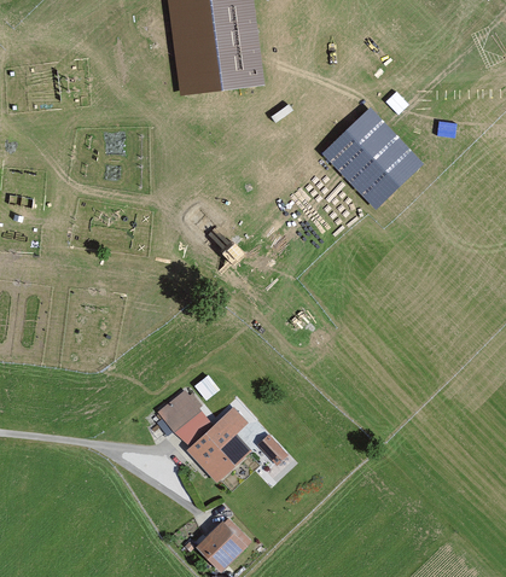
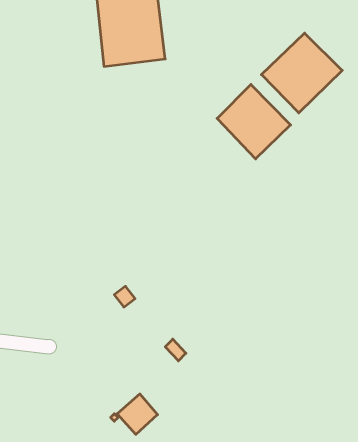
building: none -> [261,33,342,113]
building: [155,387,250,483] -> none

